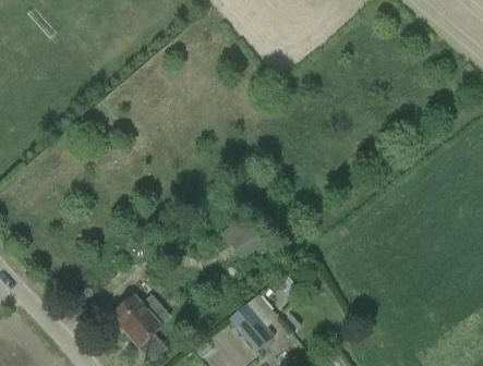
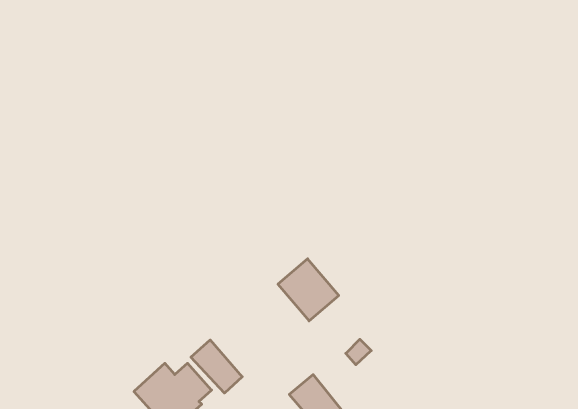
building: none -> [191,340,242,393]

